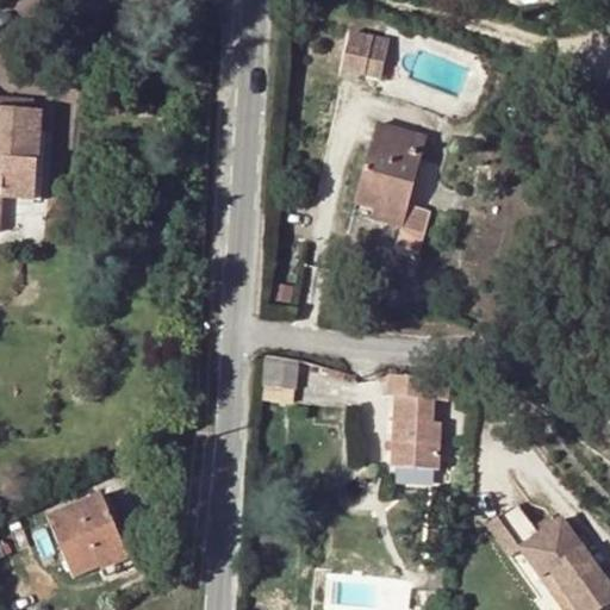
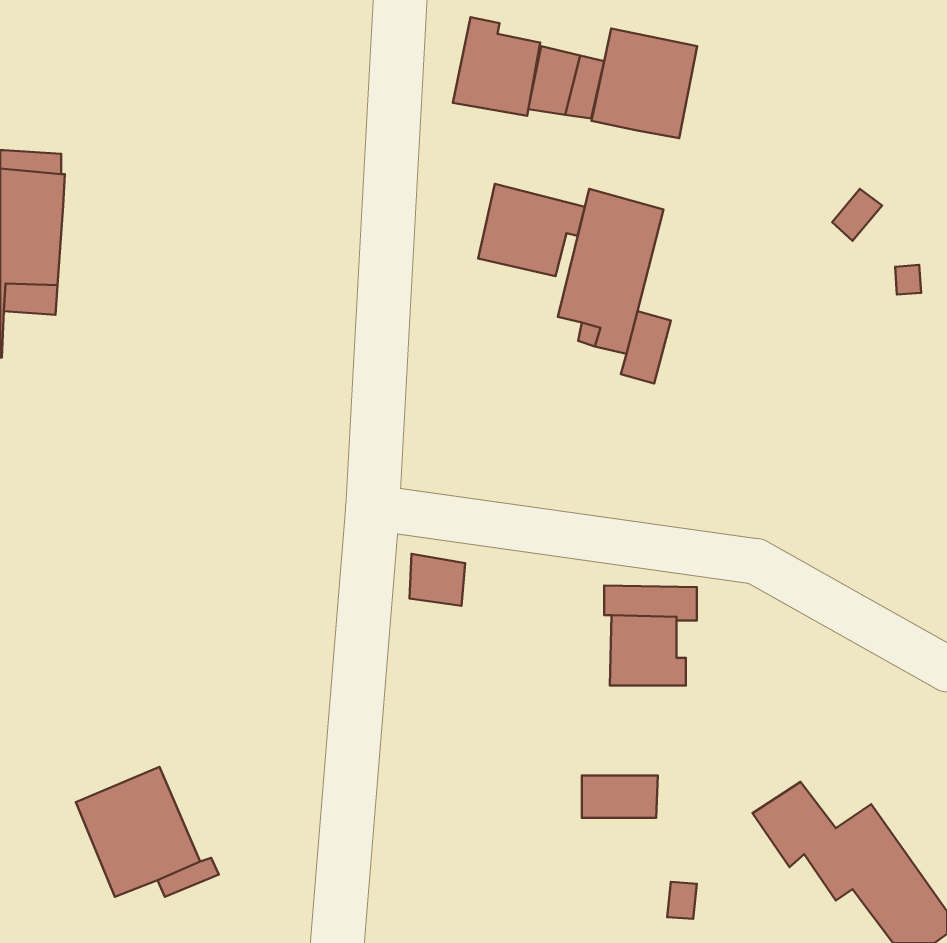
building: none -> [453,17,540,116]
building: none -> [591,28,697,138]
building: none -> [478,184,585,276]
building: [392,441,441,468] -> [582,775,658,818]

